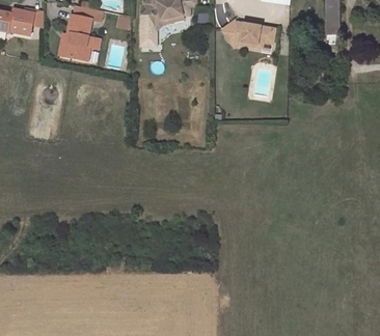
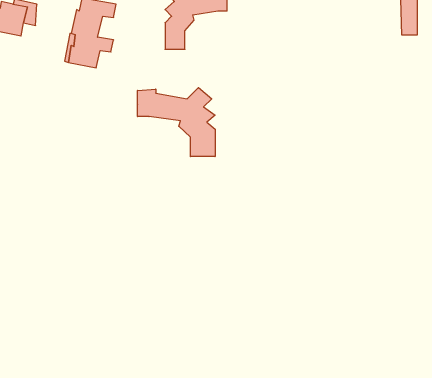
building: [223,23,275,47] -> none
building: none -> [138,88,215,157]

